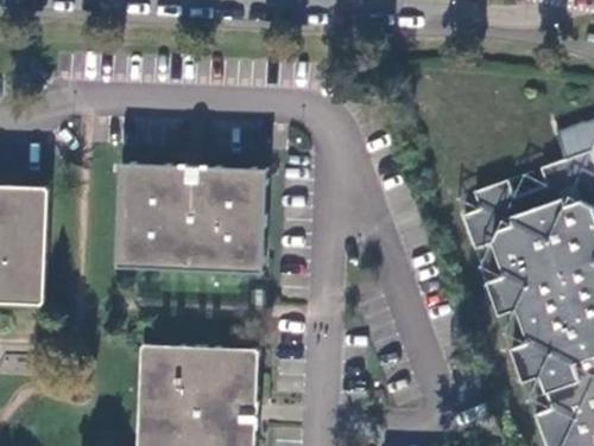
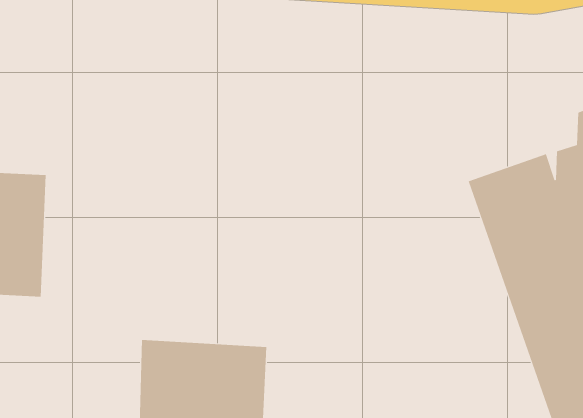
building: [119,166,271,274] -> none

